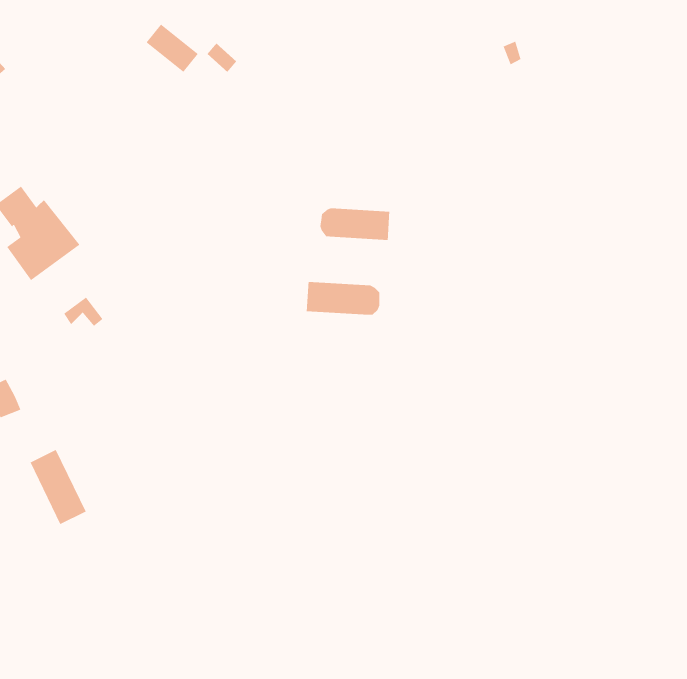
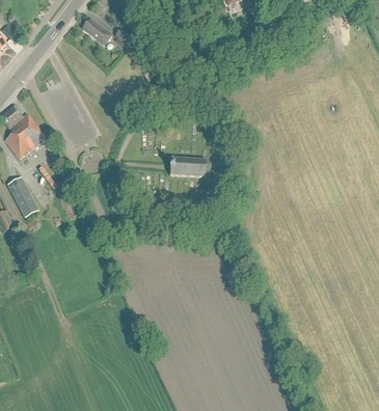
building: [320,208,390,241] -> none
building: [29,449,87,525] -> [7,175,38,217]

